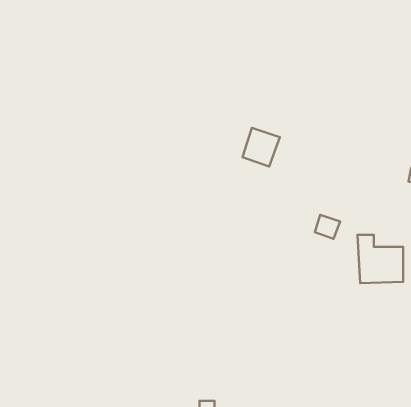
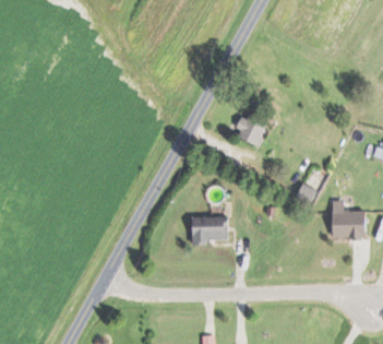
building: none -> [191,216,227,242]

